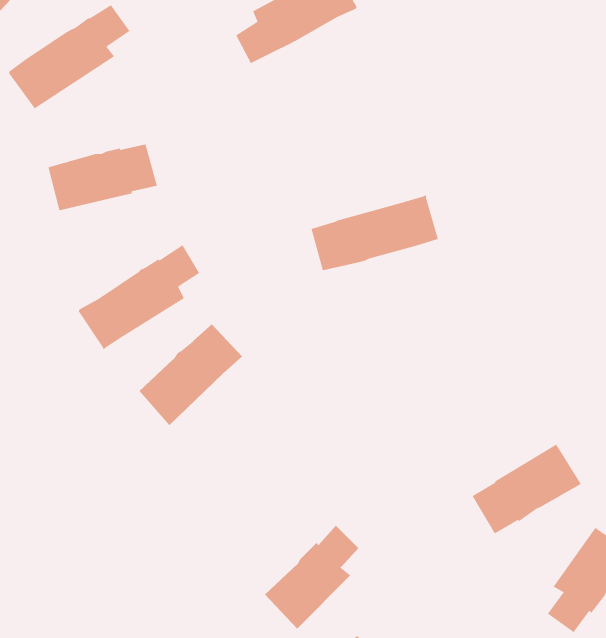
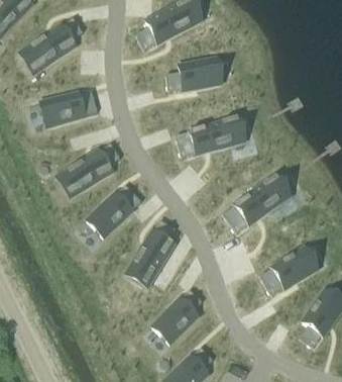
building: none -> [167,59,222,91]
building: none -> [225,176,292,232]
building: none -> [126,221,176,288]

